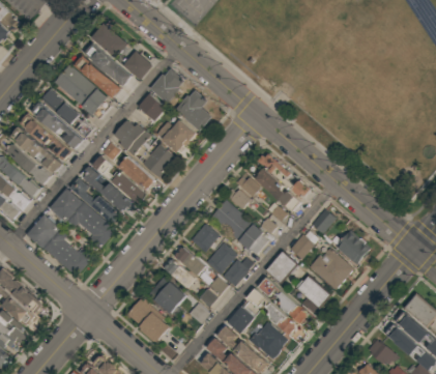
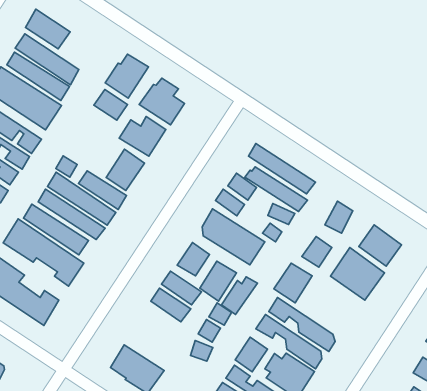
building: [124,50,153,78] -> none
building: [115,119,150,155] -> none
building: [149,276,186,313] -> none
building: [296,277,329,308] -> none

